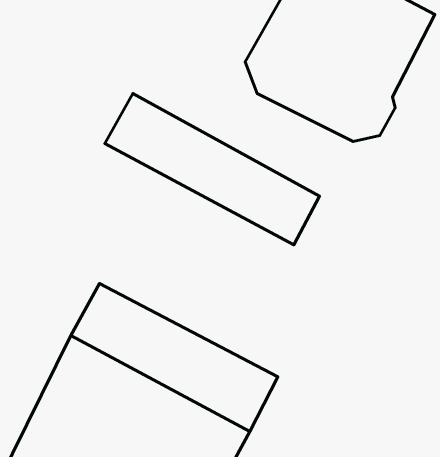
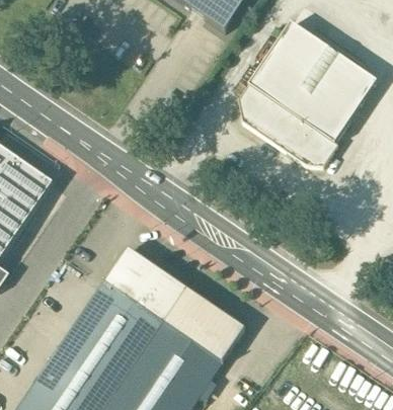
building: [105,94,319,245] -> none

